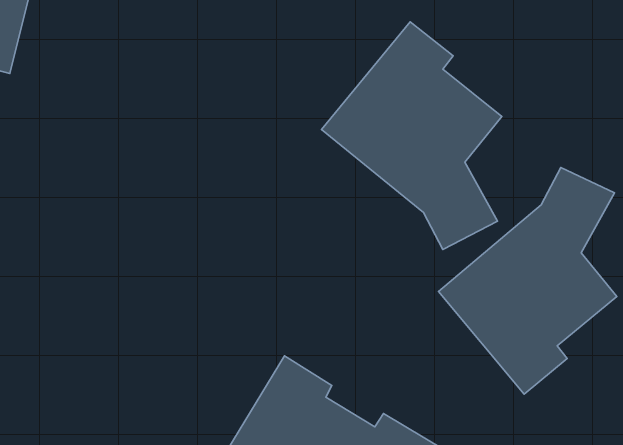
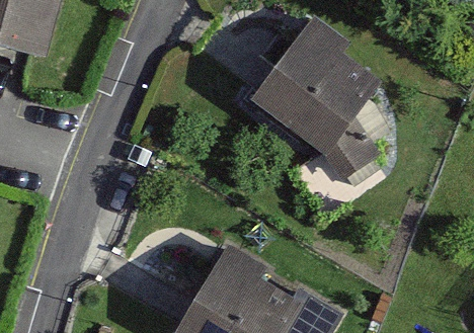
building: [439,168,617,394] -> none

